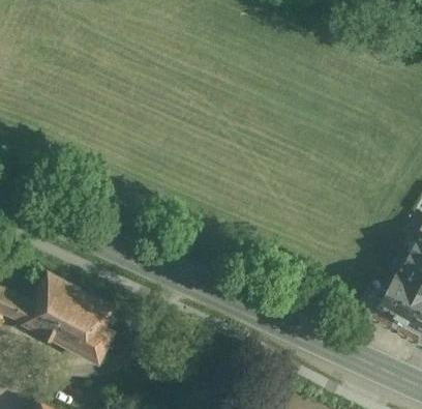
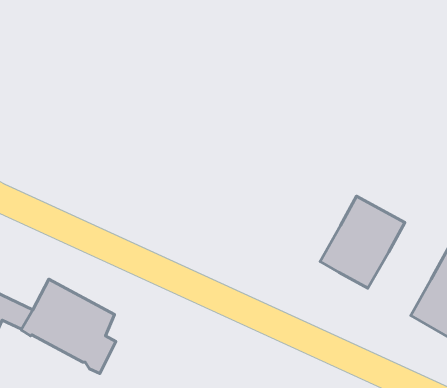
building: none -> [320,196,405,288]

